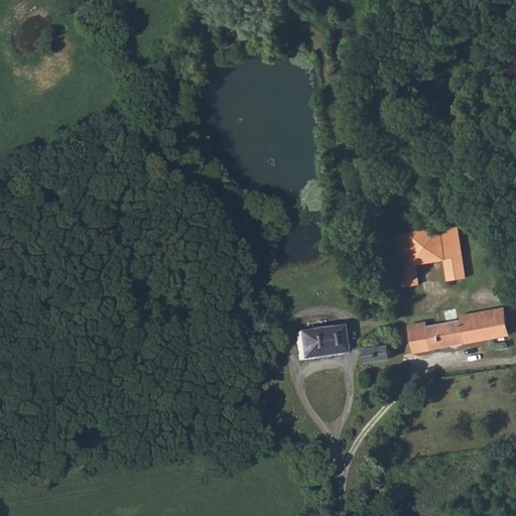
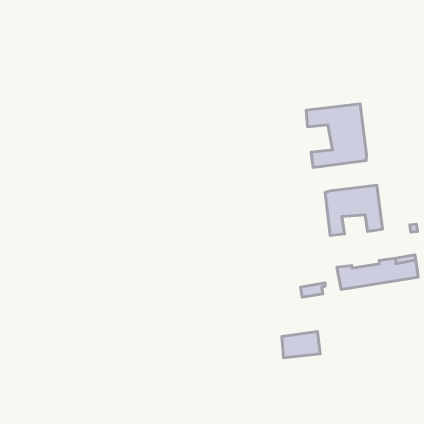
building: none -> [306,104,367,168]
building: [296,327,343,359] -> [282,331,320,358]

